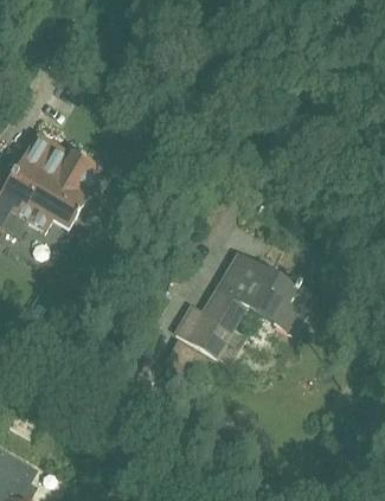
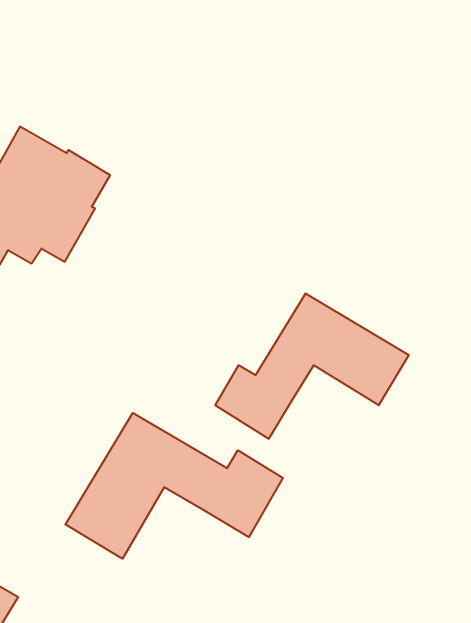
building: none -> [65,413,283,559]

